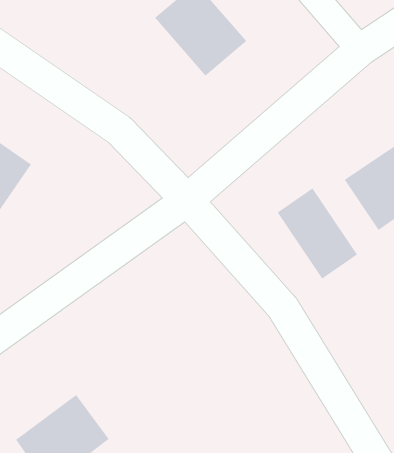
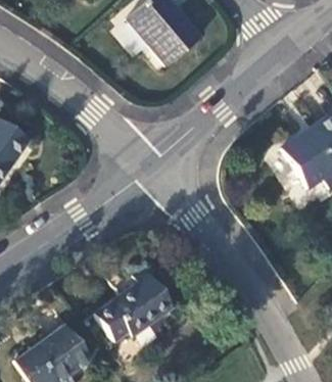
building: [277,187,358,280] -> none
building: none -> [96,262,174,337]

